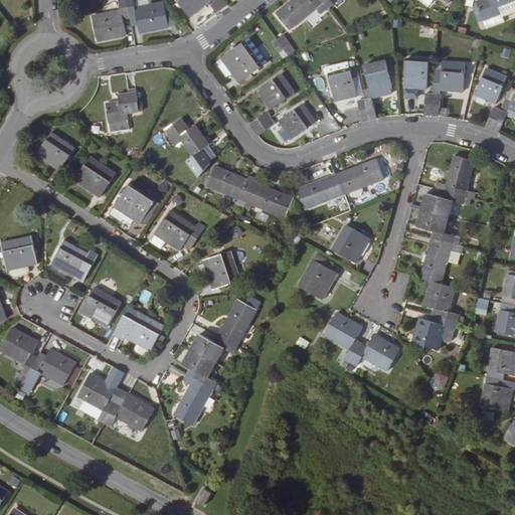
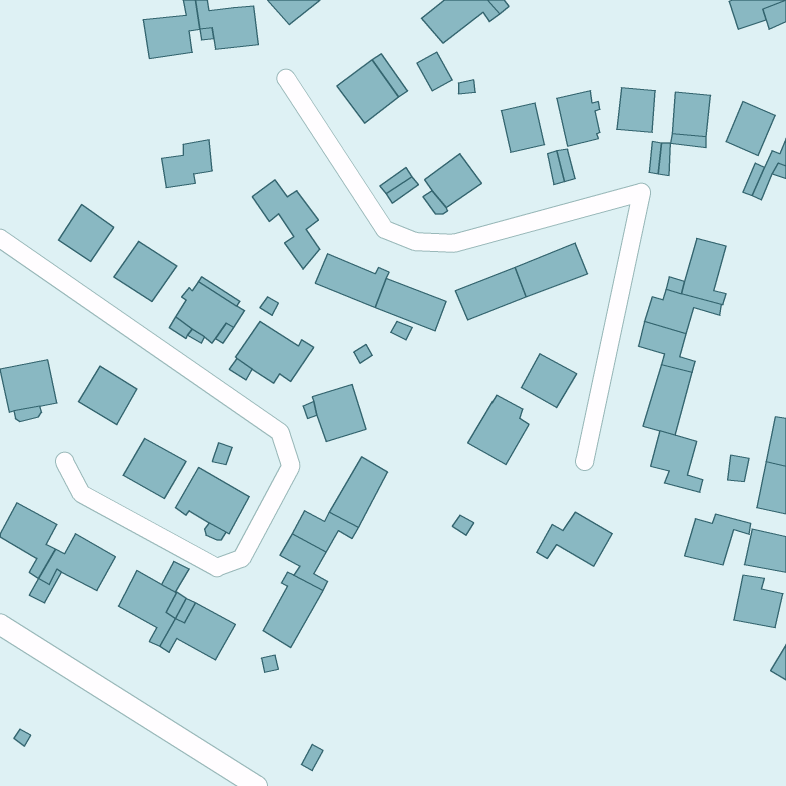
building: [256,71,293,107] -> none
building: [326,313,363,361] -> none
building: [414,316,458,349] -> [685,514,751,565]

